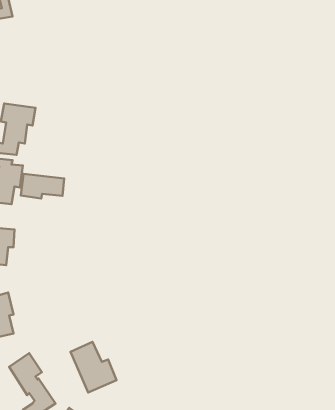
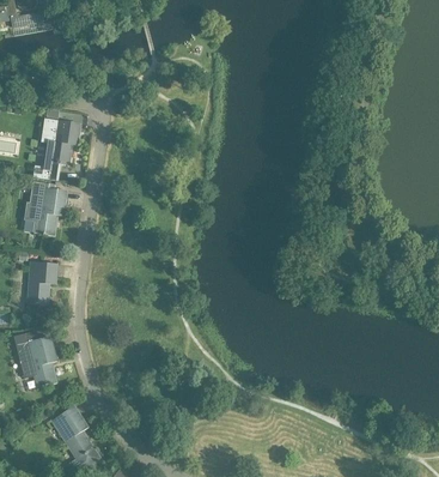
building: [21,174,64,198] -> none
building: [71,342,116,392] -> none

